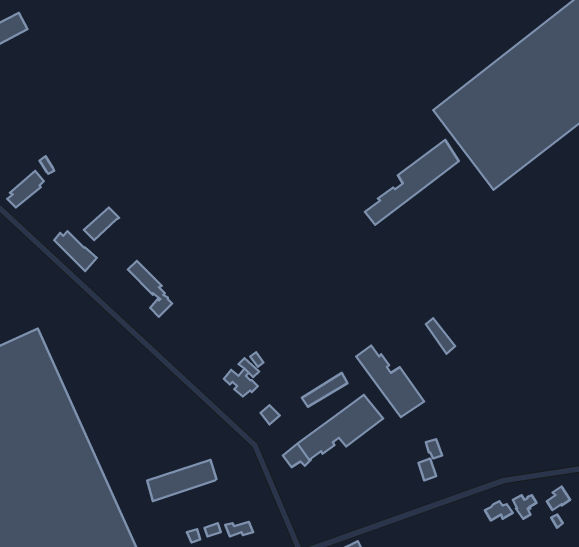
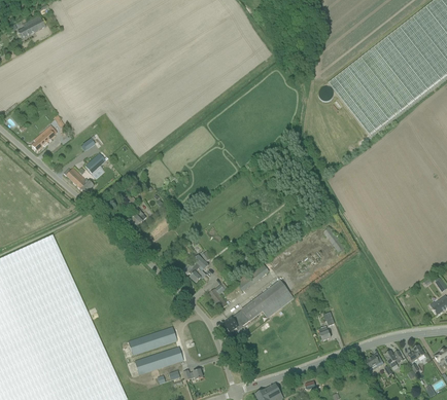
building: [365,140,459,225] -> none
building: [356,345,424,417] -> none
building: none -> [134,346,182,374]

